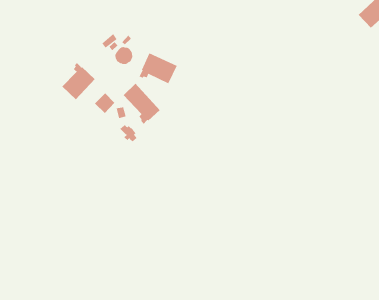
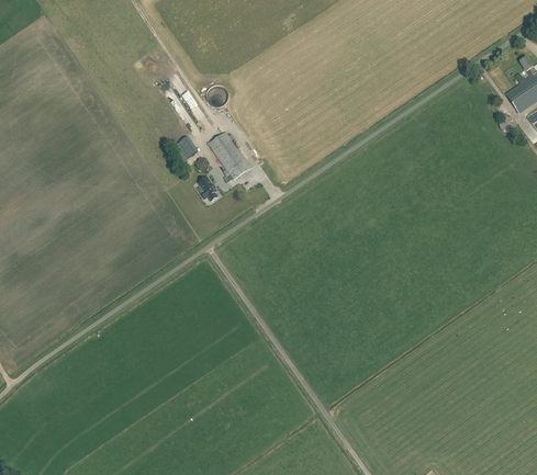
building: [139,53,178,84] -> none
building: [62,62,95,100] -> none

